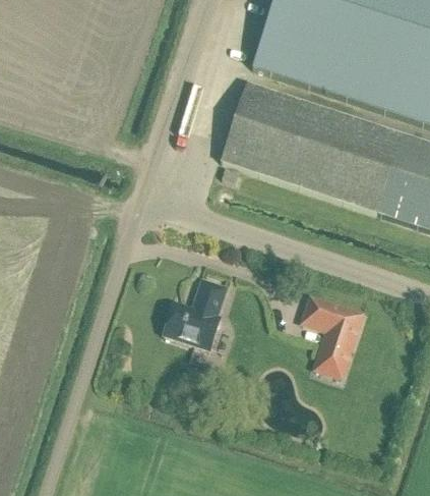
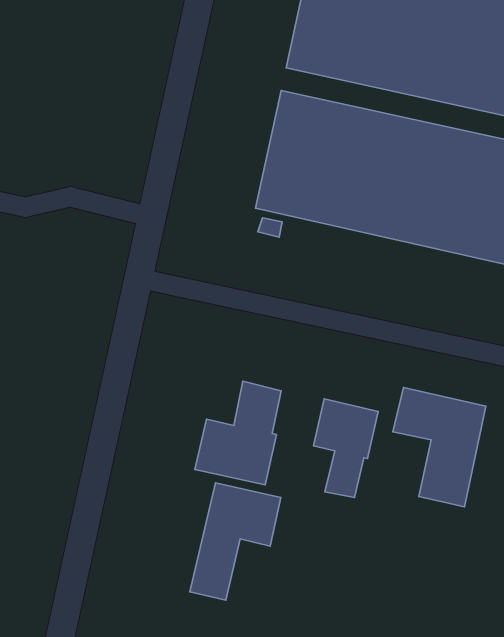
building: none -> [314,399,378,498]
building: none -> [190,483,281,600]

